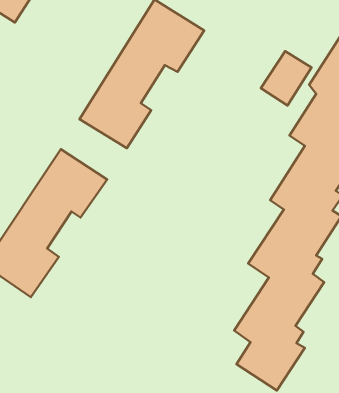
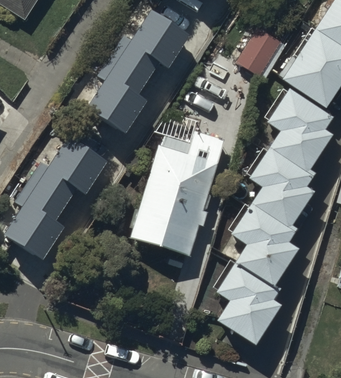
building: none -> [132,133,227,257]

